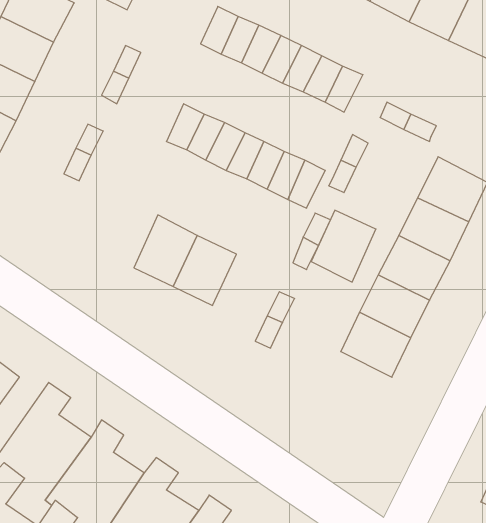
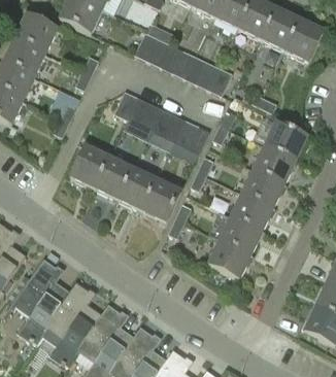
building: none -> [70,145,109,188]
building: [311,210,376,282] -> [142,180,181,224]
building: none -> [207,239,250,278]

